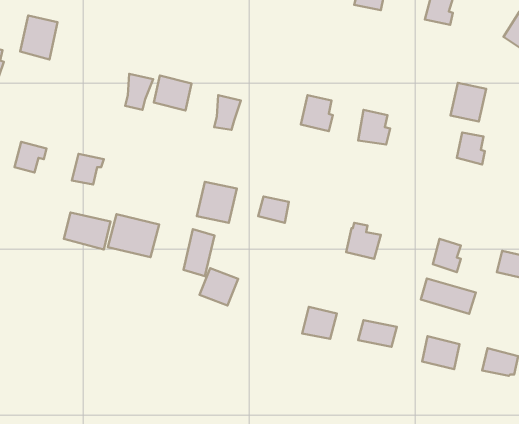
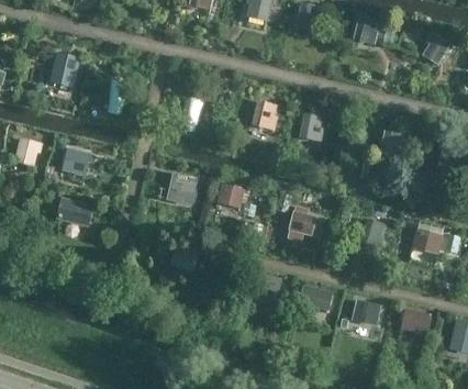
building: [20,16,57,60] -> [51,53,81,89]
building: [154,76,191,110] -> none
building: [451,83,486,121] -> none
building: [108,214,159,257] -> none
building: [183,229,214,276] -> none
building: [421,279,476,314] -> none

